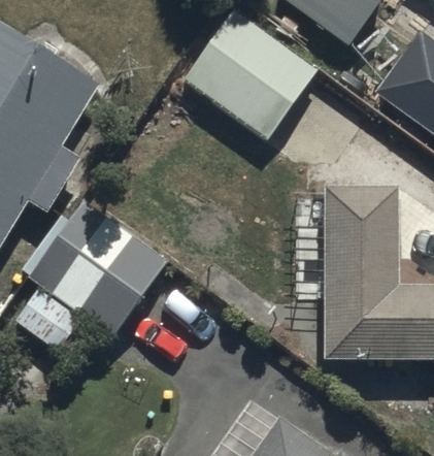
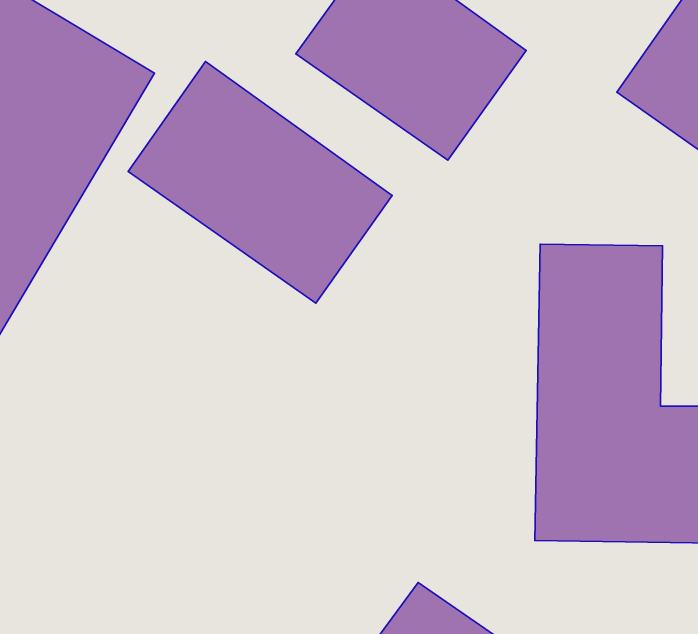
building: none -> [128,61,392,303]
building: [23,199,174,351] -> none

